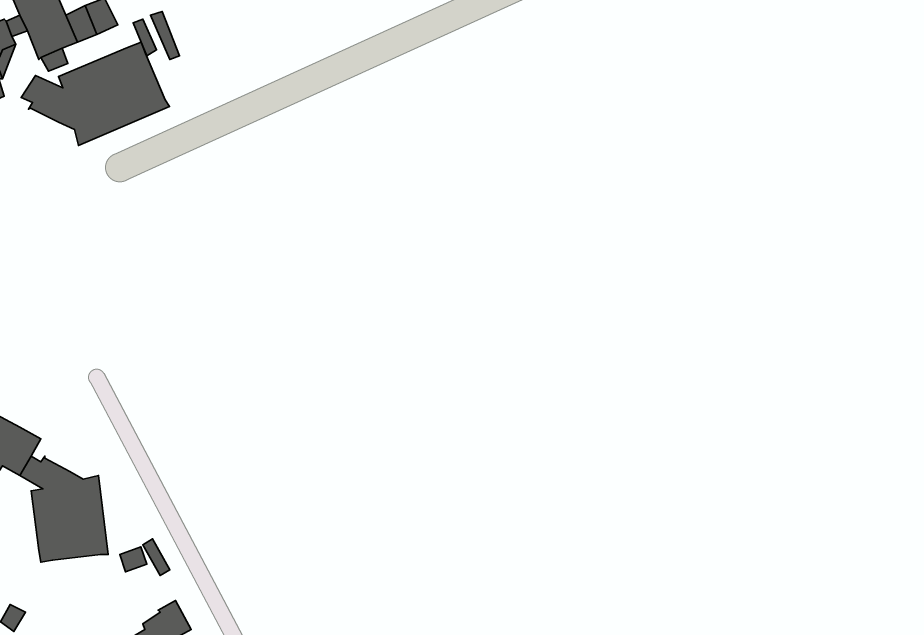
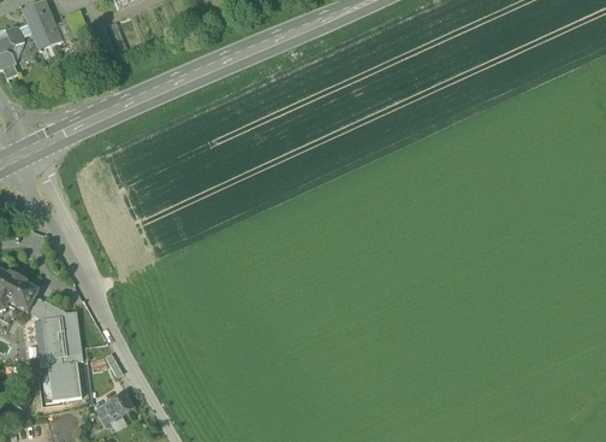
building: [21,42,169,145] -> none
building: none -> [47,359,81,399]

